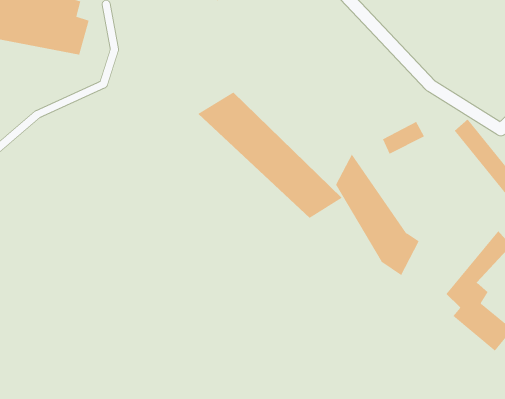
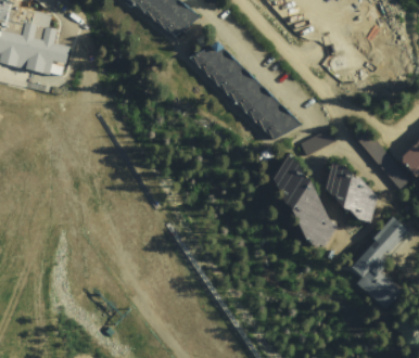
building: [198,92,342,219] -> [187,40,301,140]
building: none -> [316,162,369,223]

